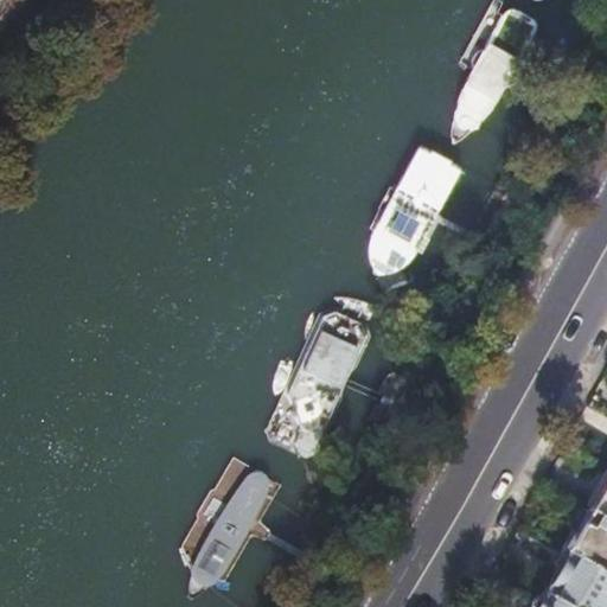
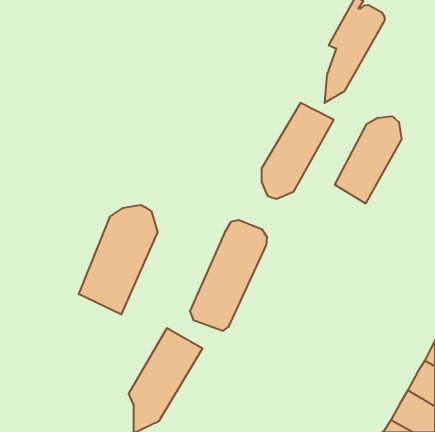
building: none -> [335,116,402,203]
building: none -> [79,205,158,315]

